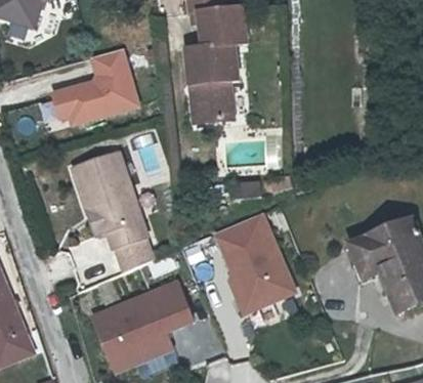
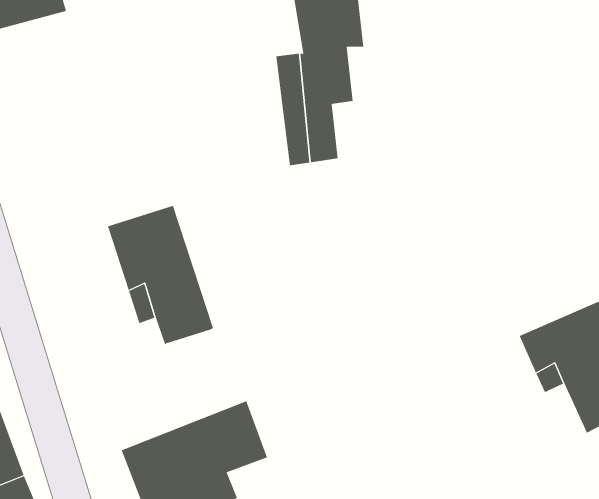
building: [58,50,149,132] -> none
building: [212,216,289,316] -> none
building: [118,236,156,270] -> none

